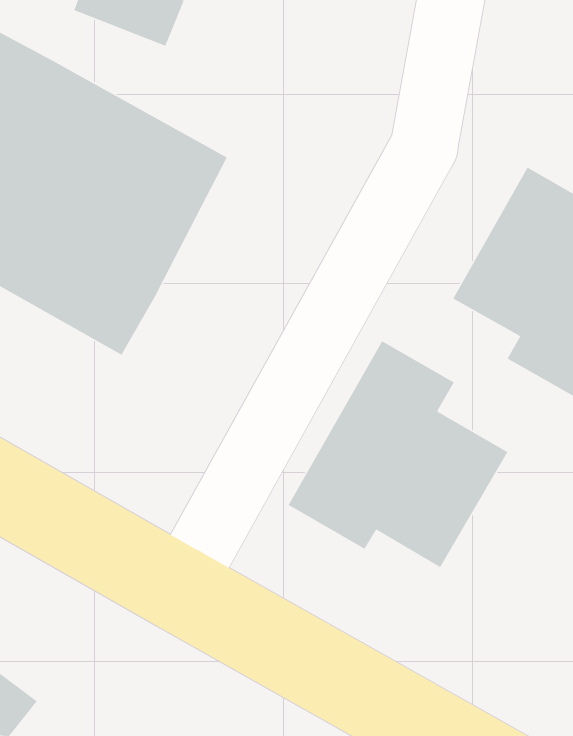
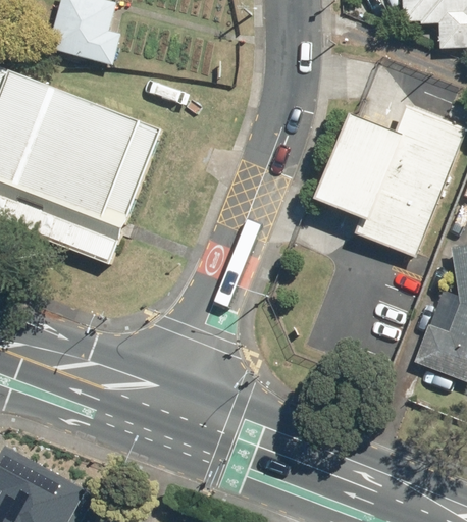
building: [288,340,508,568] -> none

